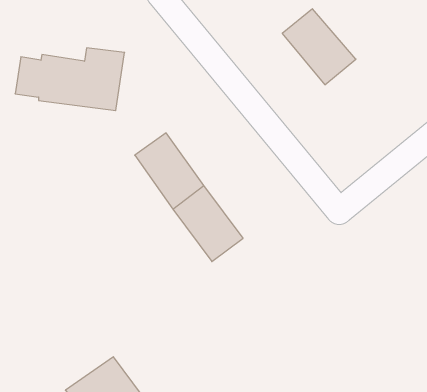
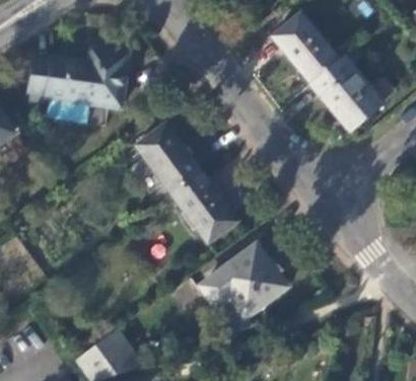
building: none -> [310,56,383,131]
building: none -> [201,246,285,317]

